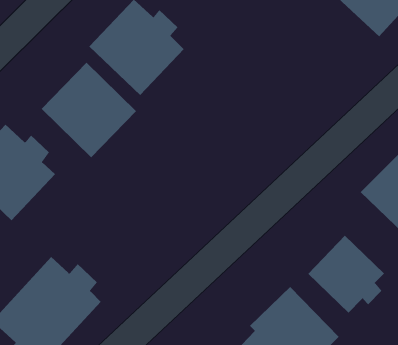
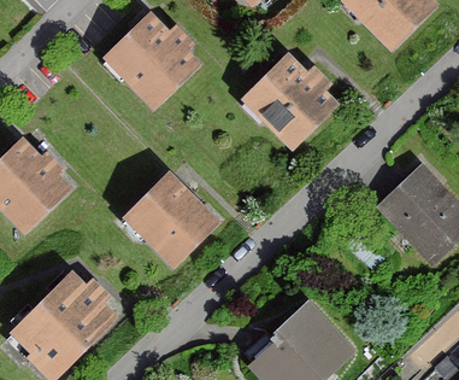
building: none -> [240,53,336,150]
building: [41,62,137,158] -> [122,171,218,268]
building: [308,235,385,313] -> none

